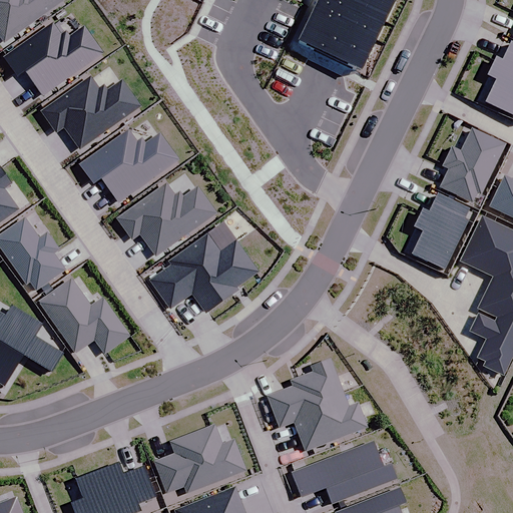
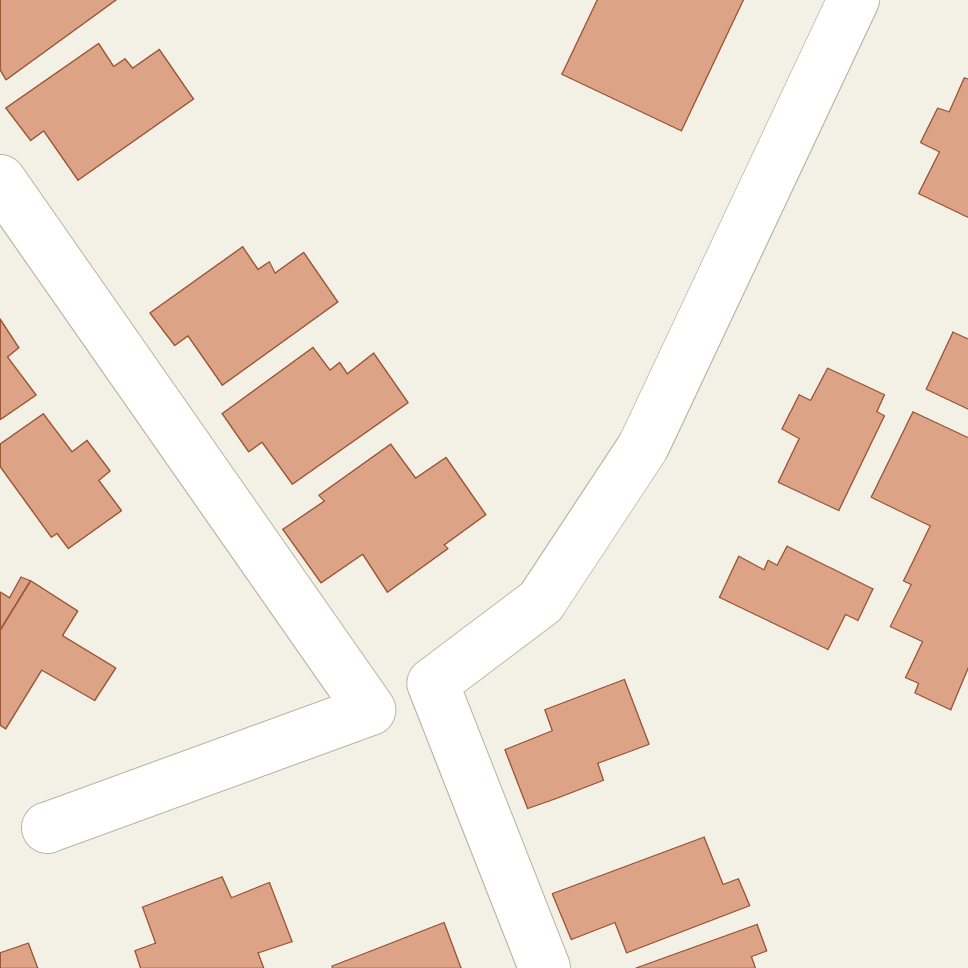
building: [42,77,141,149] -> none
building: [440,128,504,201] -> none
building: [40,280,129,353] -> none
building: none -> [719,546,873,650]
building: [294,393,367,451] -> none
building: [156,425,245,493] -> none

